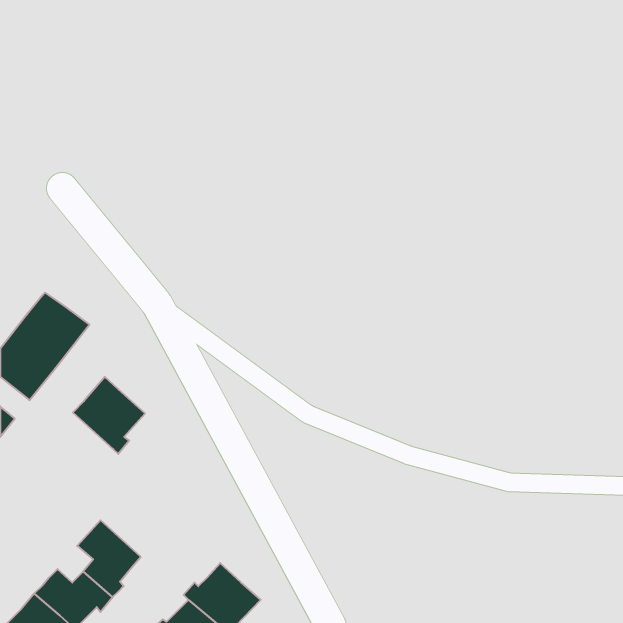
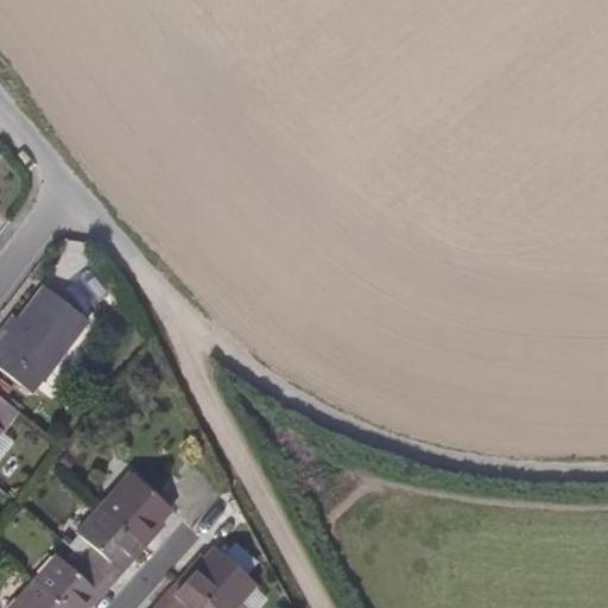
building: [73,377,145,454] -> [100,473,170,547]

